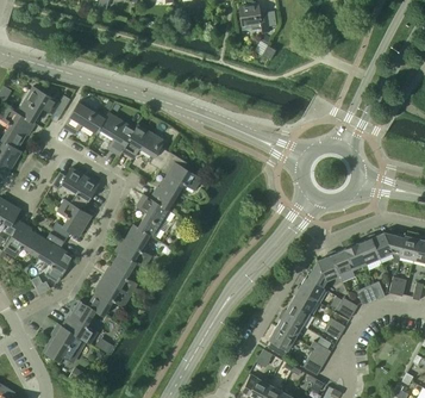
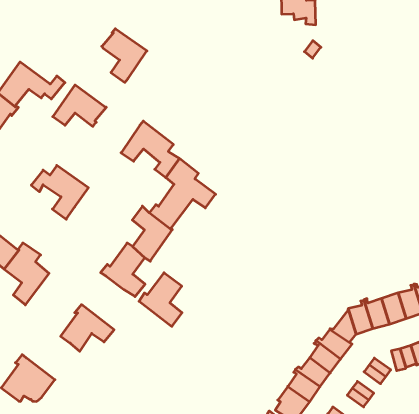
building: [98,113,135,156] -> [102,29,147,82]
building: [52,200,90,238] -> none
building: [101,254,137,297] -> [139,273,182,326]
building: [61,301,96,344] -> none

